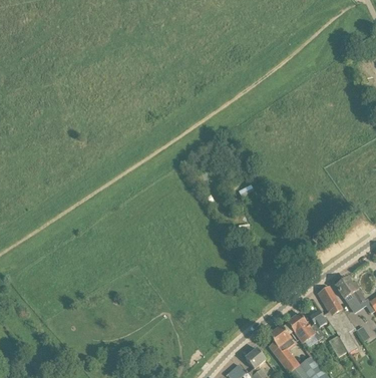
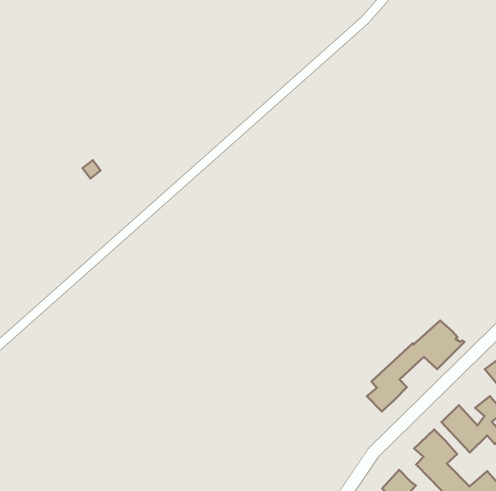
building: none -> [367,320,465,412]

